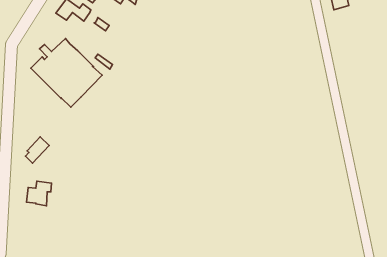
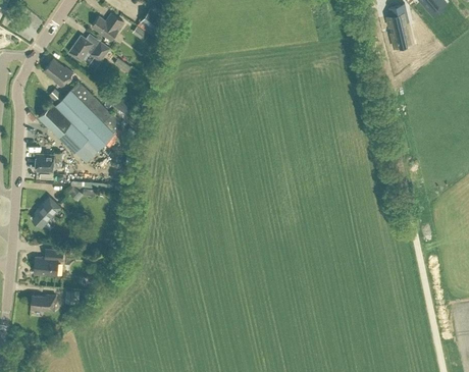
building: none -> [44,58,72,87]
building: none -> [36,152,62,171]
building: none -> [31,294,56,312]

